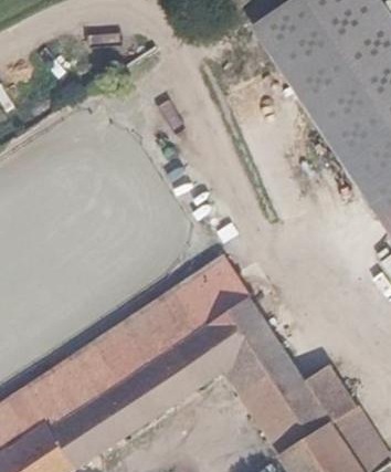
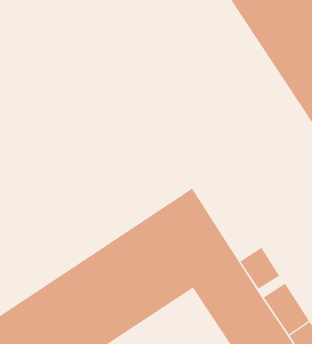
building: none -> [240,247,280,290]

